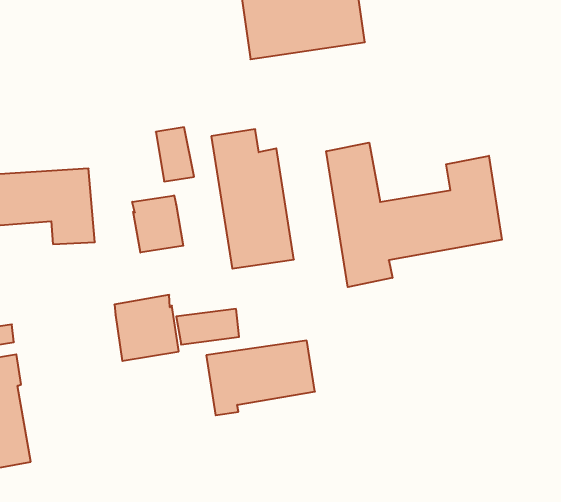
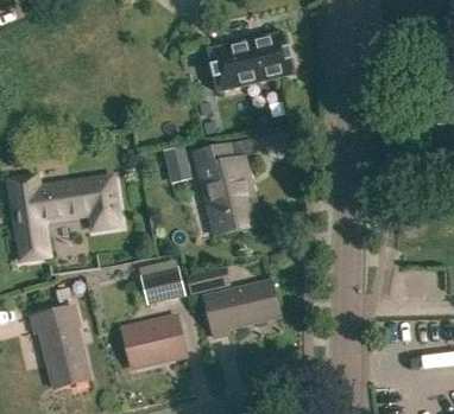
building: [326,143,502,287] -> none
building: [132,195,183,253] -> none
building: none -> [121,320,187,364]

